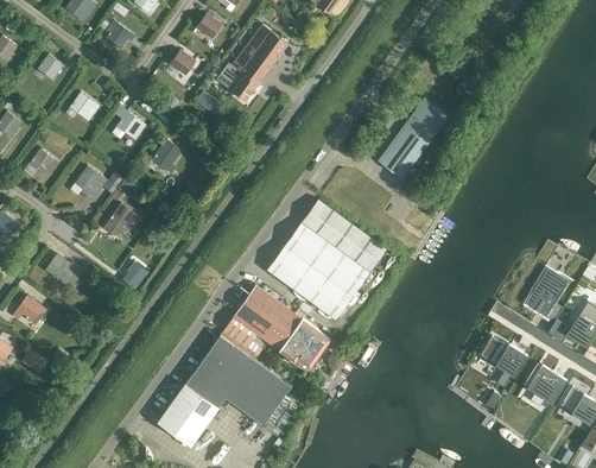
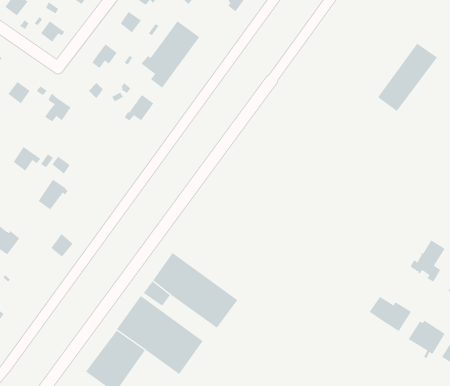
building: [378,100,446,178] -> [377,43,438,112]
building: [146,140,180,171] -> [124,94,154,121]
building: [267,201,386,320] -> none

